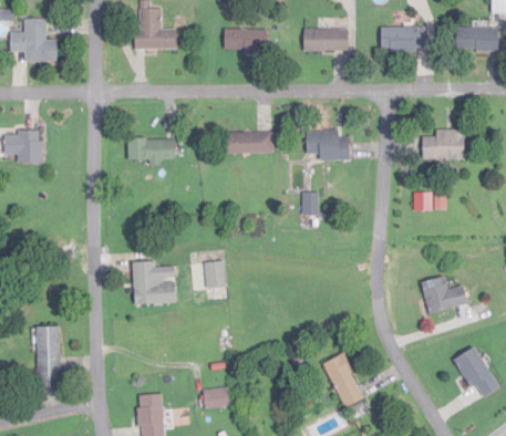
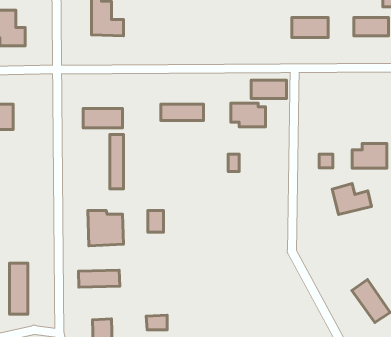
building: [225,28,267,51] -> none
building: [303,28,347,50] -> [251,80,287,98]
building: [423,128,465,158] -> [352,144,387,168]
building: none -> [110,134,124,189]
building: [421,274,468,312] -> [332,184,371,215]
building: none -> [79,270,120,287]
building: [323,352,364,406] -> none

